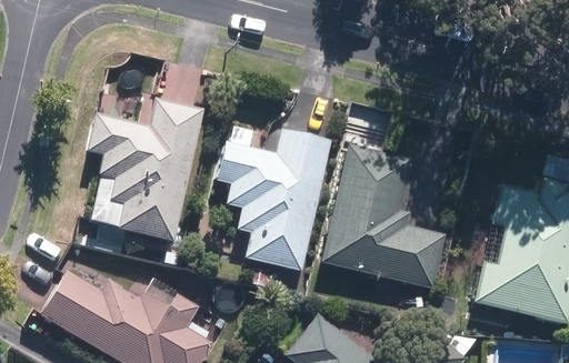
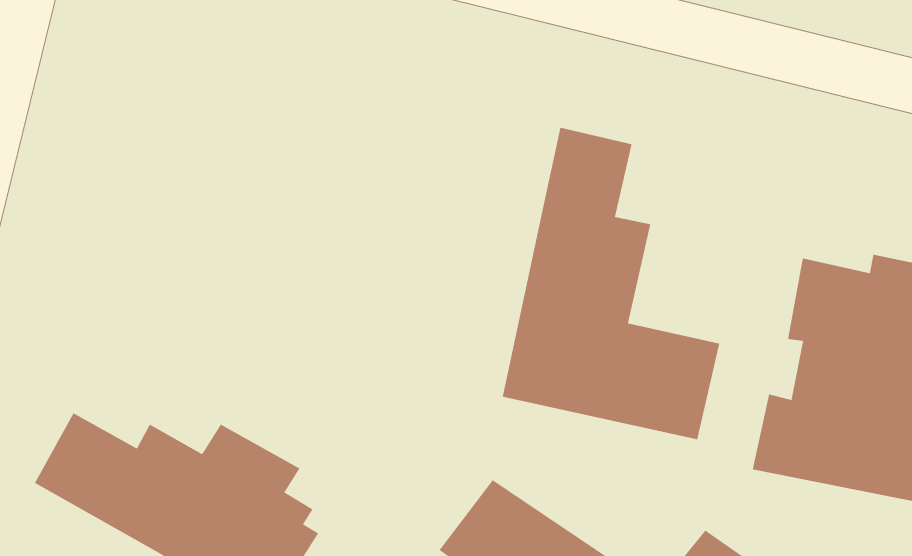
building: [88,100,206,254] -> none
building: [214,124,333,273] -> none

